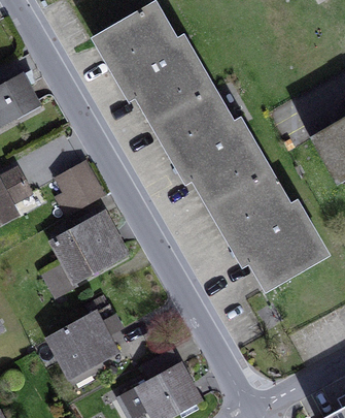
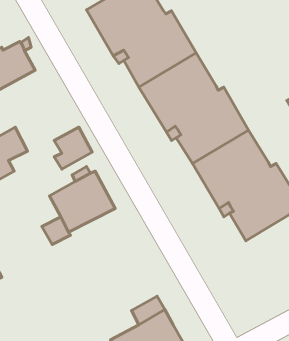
building: [48,304,122,382] -> none

